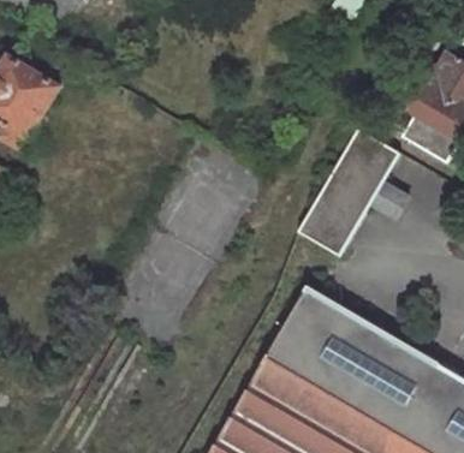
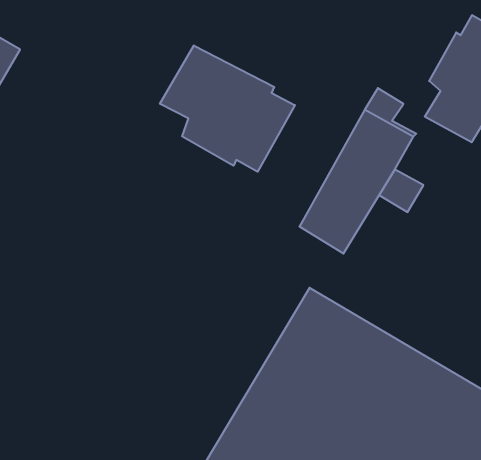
building: none -> [160,45,295,172]

